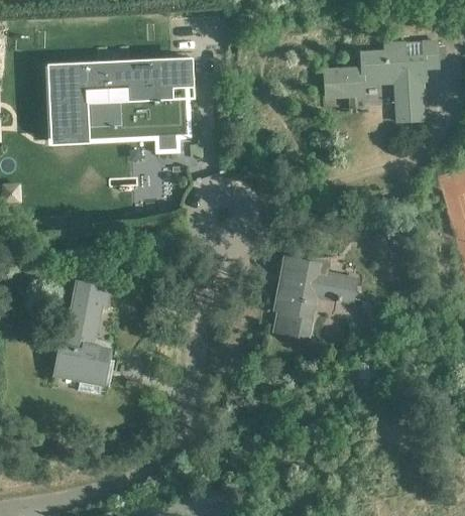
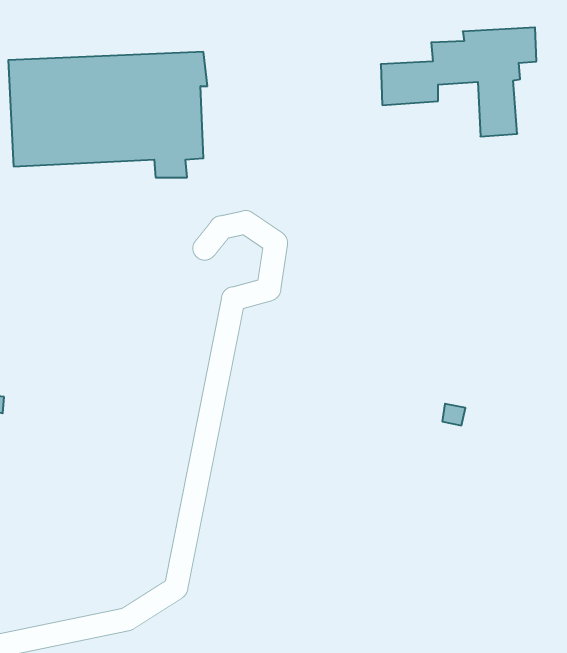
building: [271,255,356,337] -> none
building: [53,279,112,394] -> none

